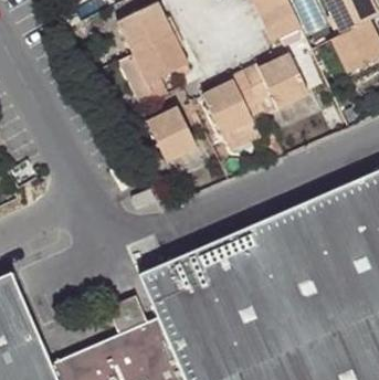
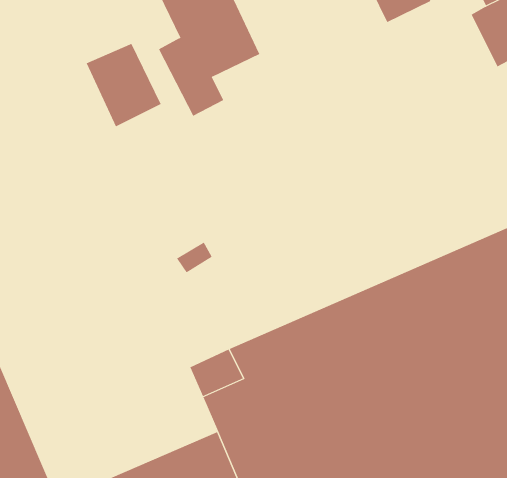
building: [202,52,308,150] -> none
building: [147,106,198,162] -> [86,43,161,127]

